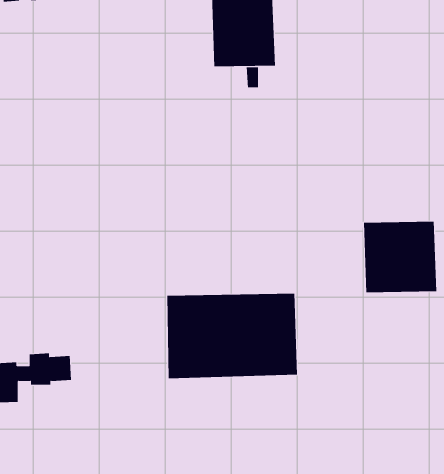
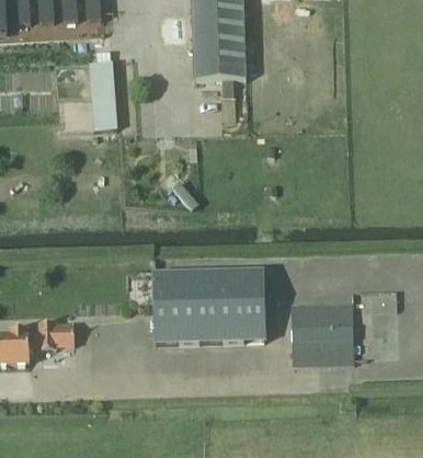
building: none -> [89,60,117,128]
building: [363,221,437,293] -> [291,302,354,363]

